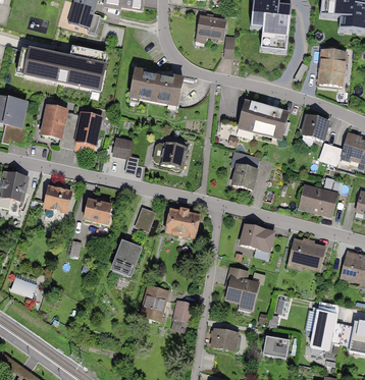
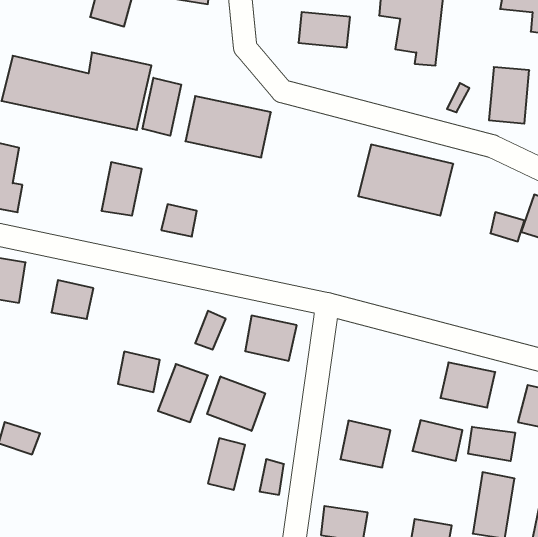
building: none -> [143,78,181,136]
building: [41,104,69,139] -> none
building: [303,116,327,140] -> none
building: [152,137,188,169] -> none
building: [229,150,259,189] -> none
building: [298,183,337,214] -> none
building: [84,199,110,224] -> [118,352,160,392]
building: [241,225,272,251] -> [412,420,462,461]
building: none -> [207,376,265,431]
building: none -> [468,427,515,461]

